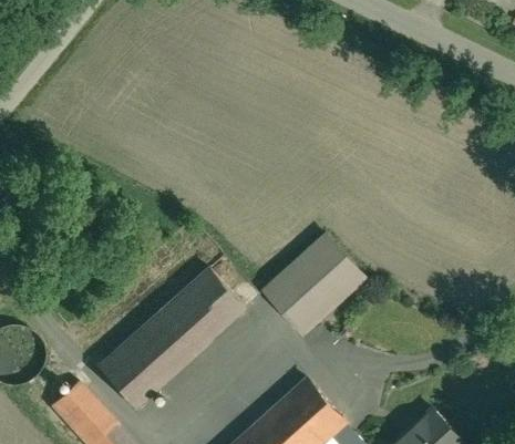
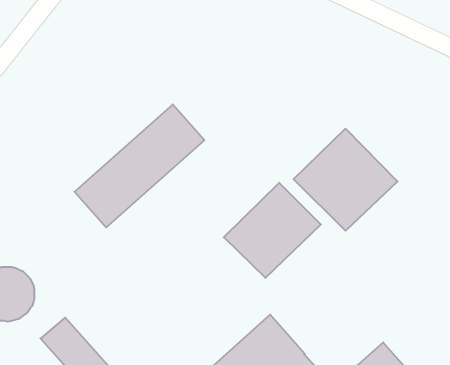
building: none -> [294,129,398,231]
building: [99,268,244,405] -> [75,104,204,227]

